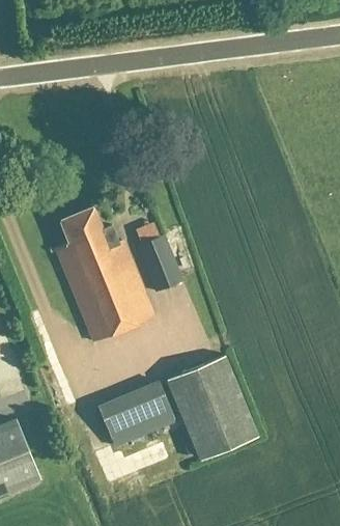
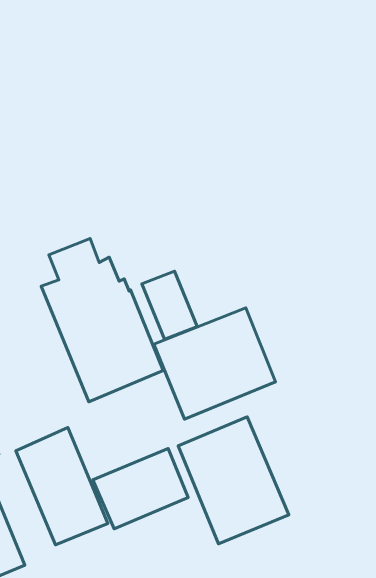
building: none -> [154,308,275,419]
building: none -> [16,428,108,545]

